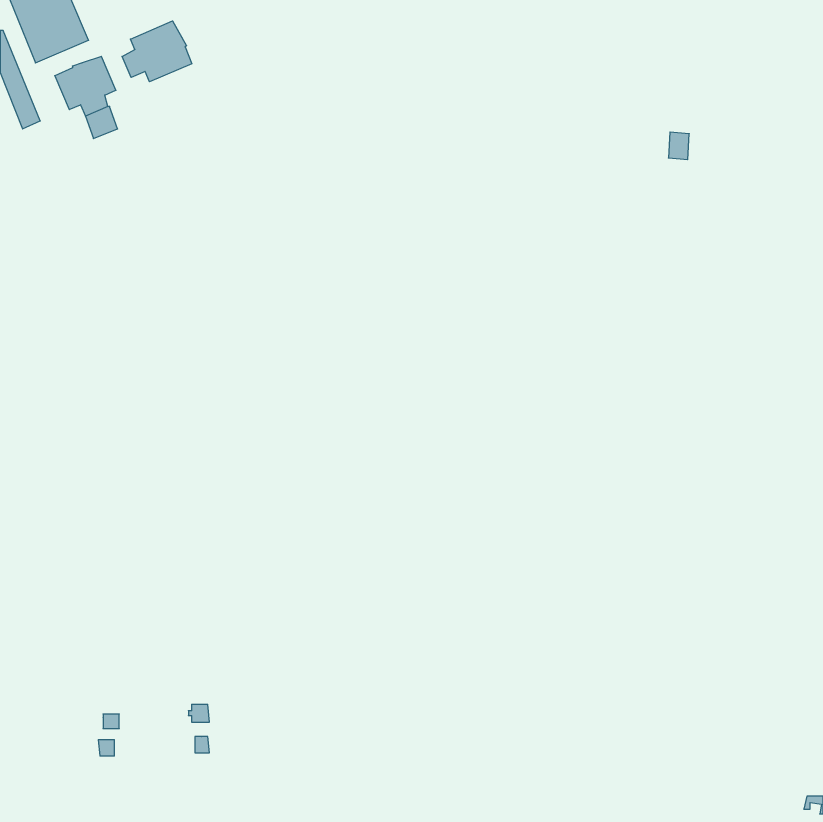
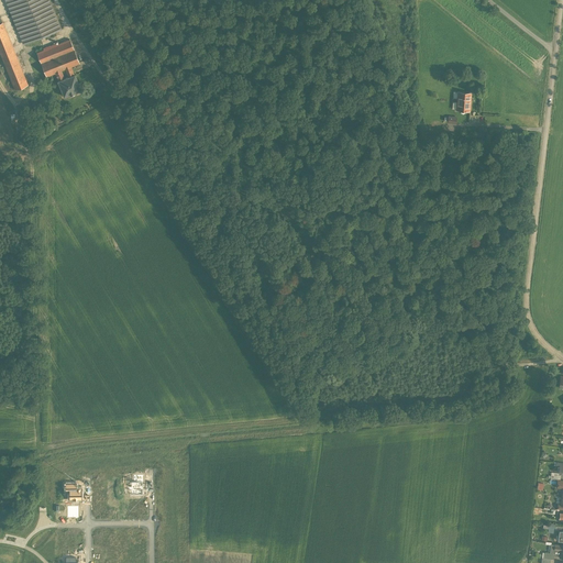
building: [122,21,192,82] -> none

